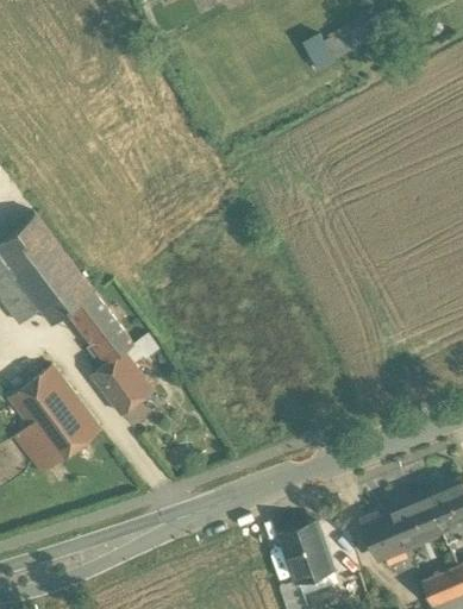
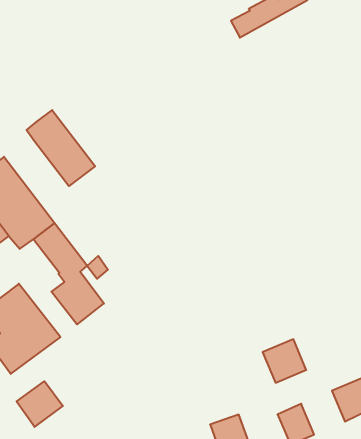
building: none -> [27,110,95,186]
building: none -> [17,381,63,427]
building: [390,495,443,547] -> [263,339,306,383]

